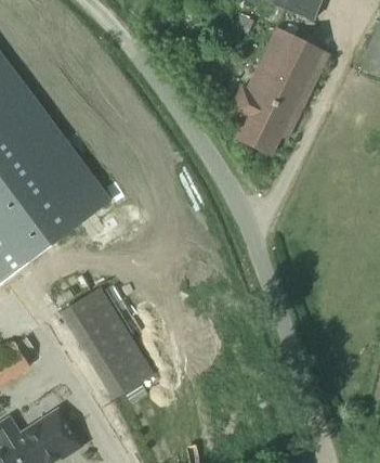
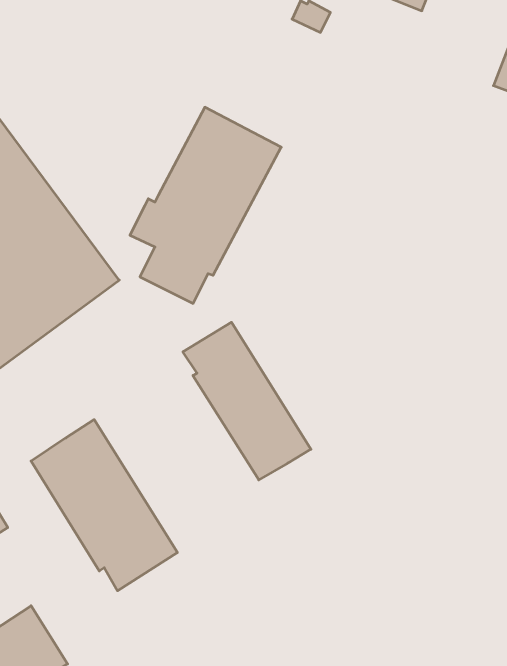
building: [228,29,327,157] -> [130,107,281,303]
building: none -> [183,322,311,480]

